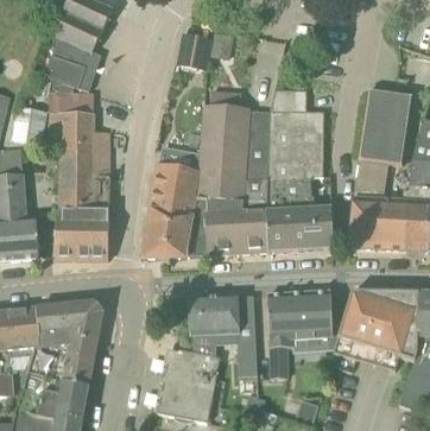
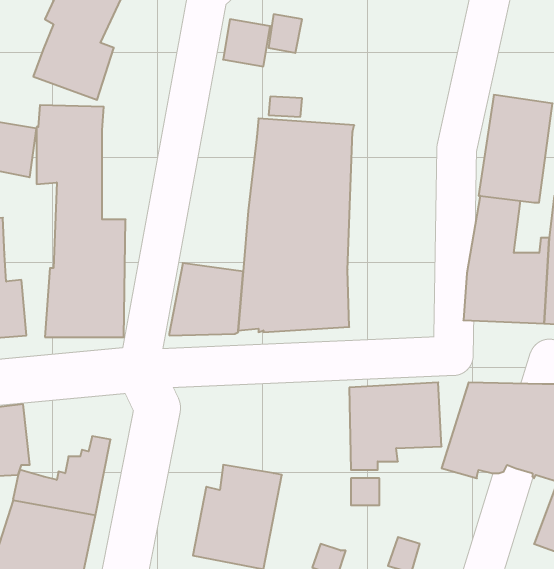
building: [266,88,333,251] -> none
building: [150,163,196,211] -> none
building: [189,293,257,374] -> none
building: [34,299,103,359] -> none

